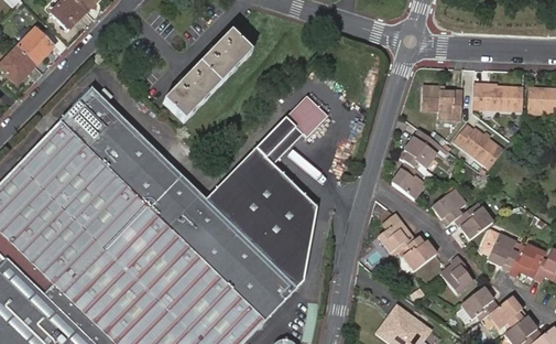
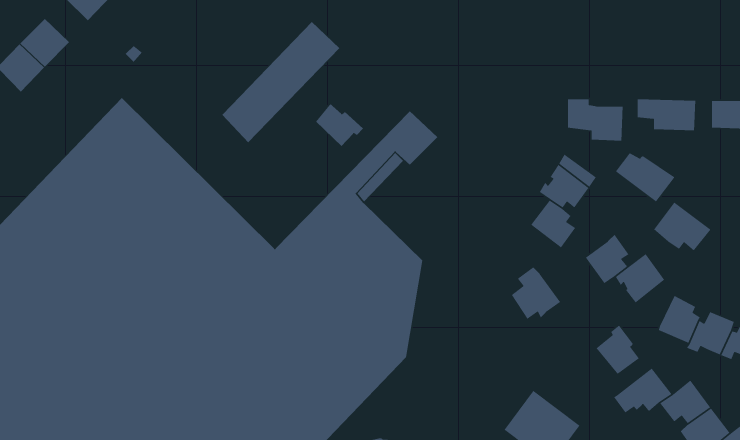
building: none -> [315,103,364,147]
building: none -> [653,201,712,252]
building: [404,234,438,270] -> none

